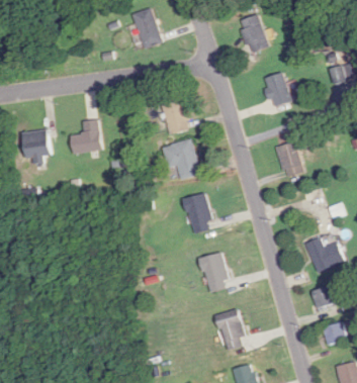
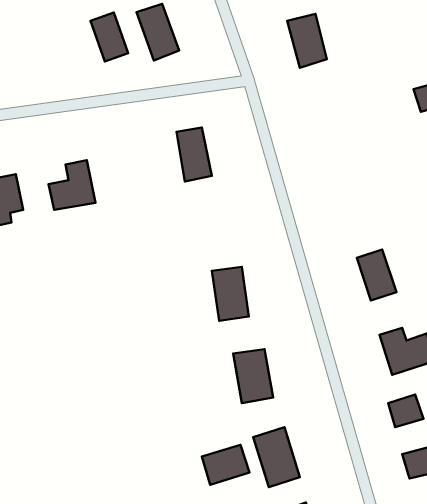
building: none -> [91,13,128,61]
building: [263,72,291,108] -> none
building: [164,138,201,181] -> none
building: [275,141,303,178] -> [357,249,396,301]
building: none -> [202,445,250,485]

